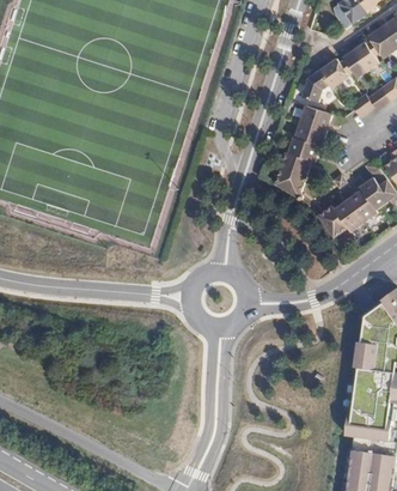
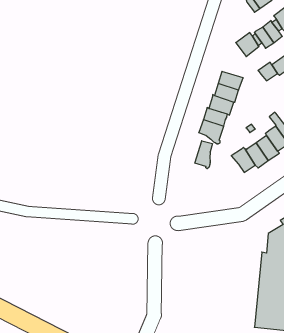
building: [305,67,332,101] -> none
building: none -> [195,141,212,169]

